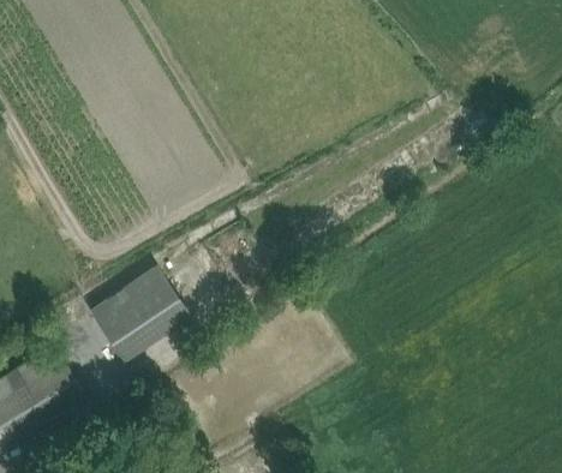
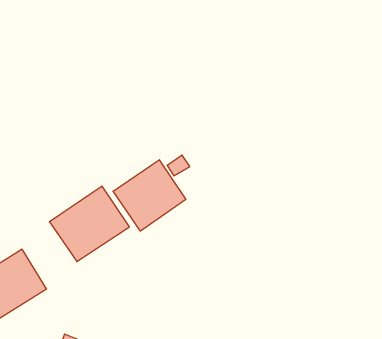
building: none -> [113,160,186,231]

